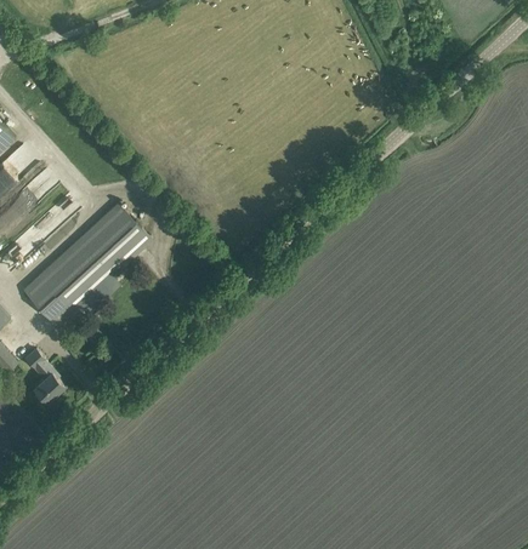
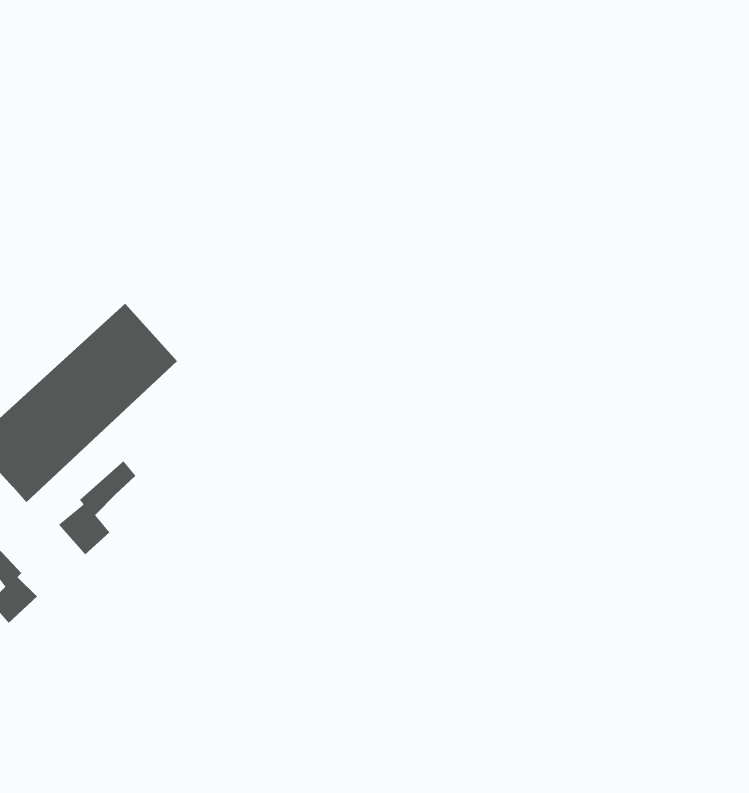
building: none -> [58,461,136,555]

